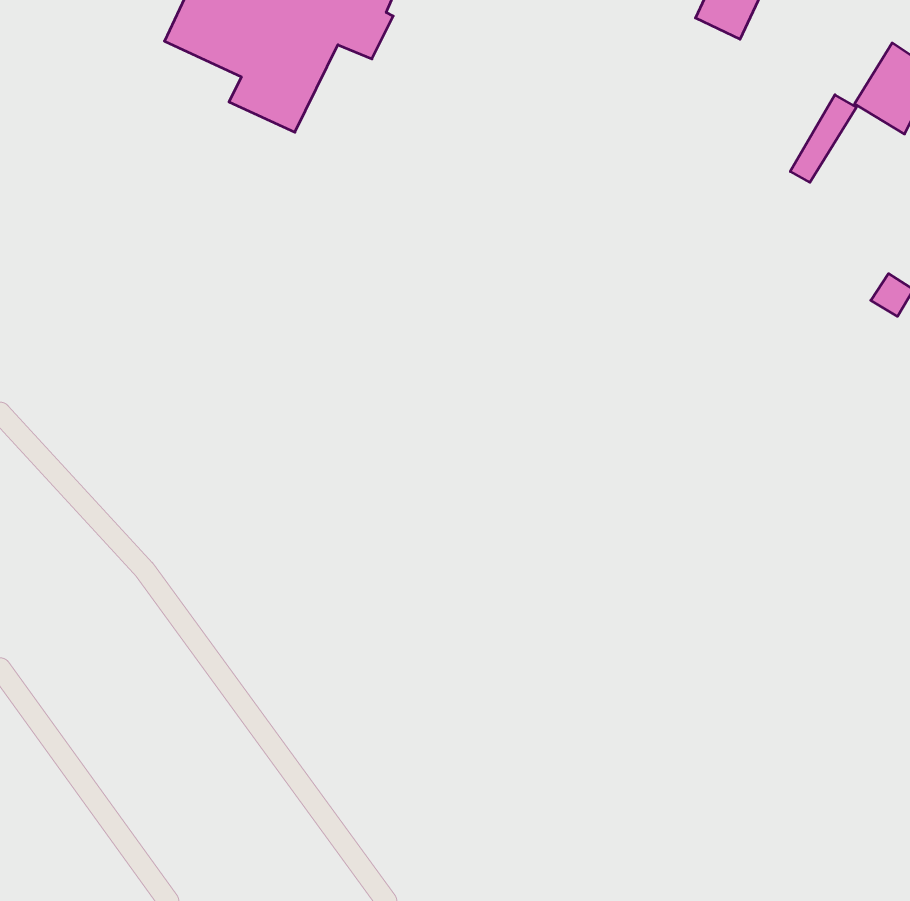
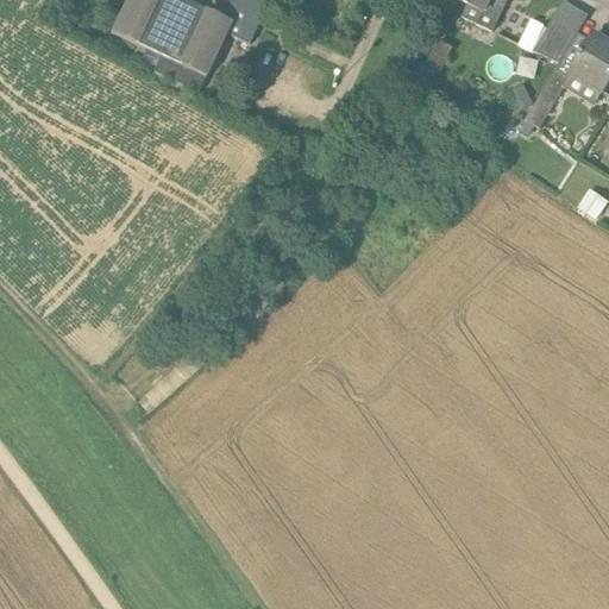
building: none -> [535,13,579,57]

